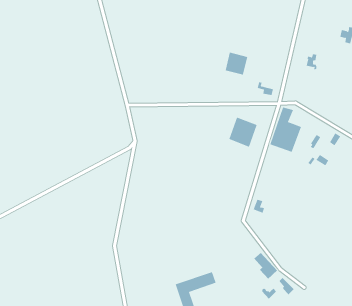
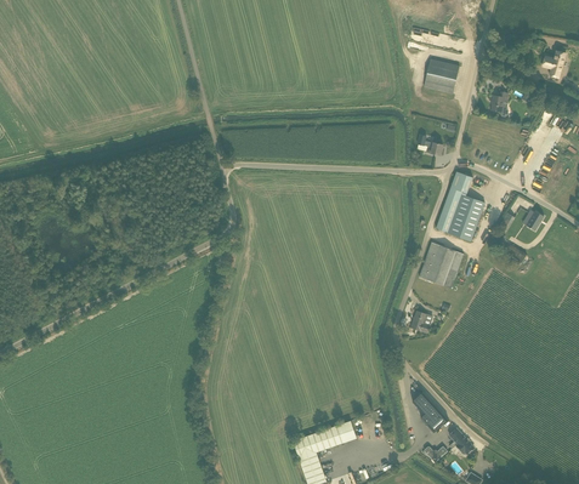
building: [225,52,248,75] -> [424,58,459,93]
building: [229,117,258,147] -> [419,241,462,287]

